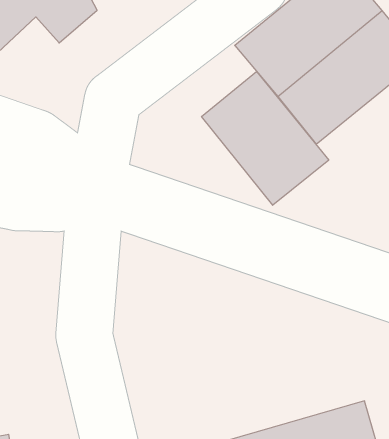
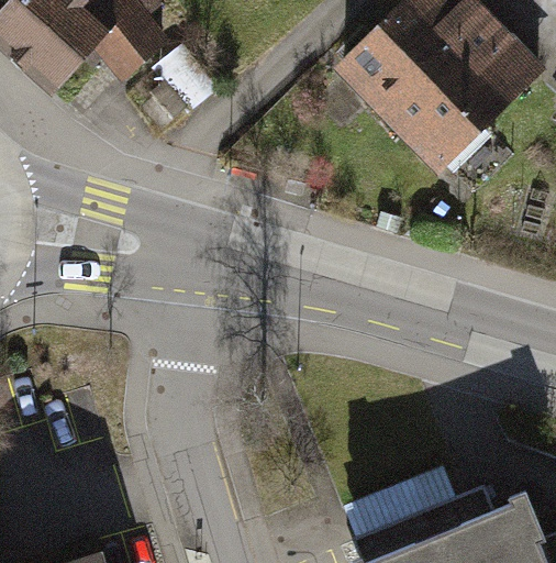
building: [202,71,329,205] -> none

